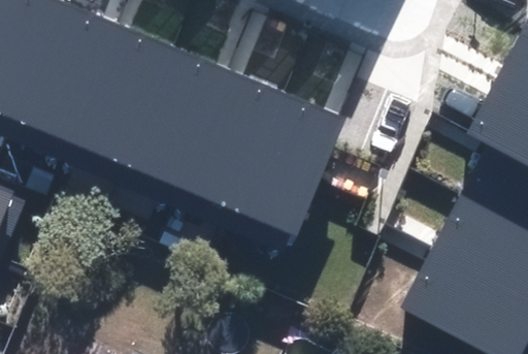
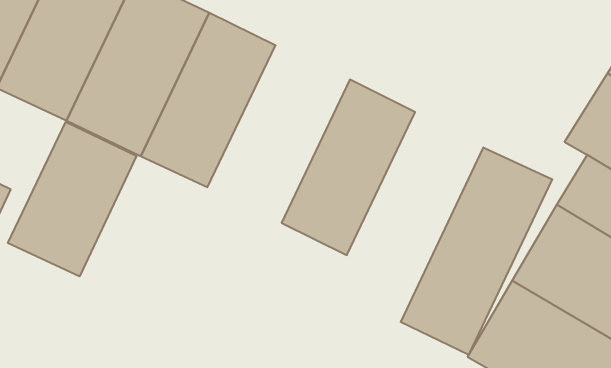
building: [185,70,293,212] -> none
building: none -> [8,122,136,276]
building: none -> [401,147,552,355]

